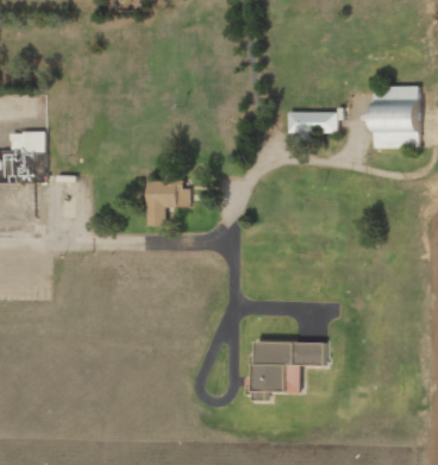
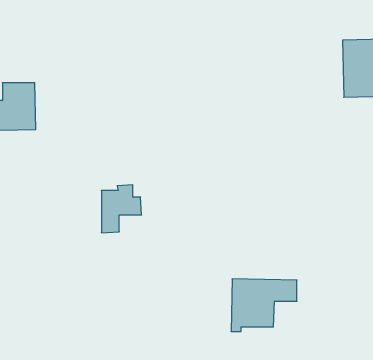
building: [289,112,337,142] -> none
building: [146,175,189,226] -> [101,185,142,233]

